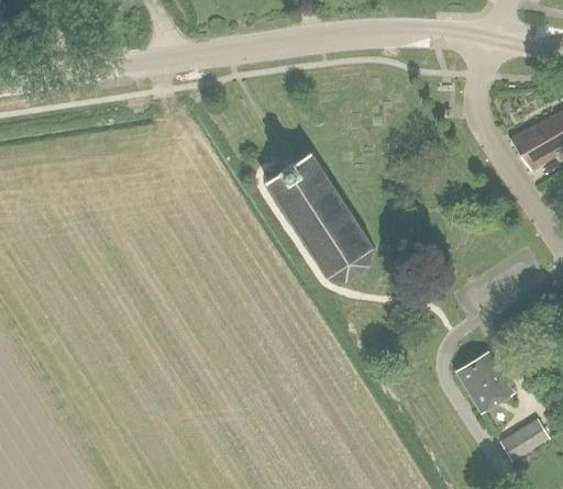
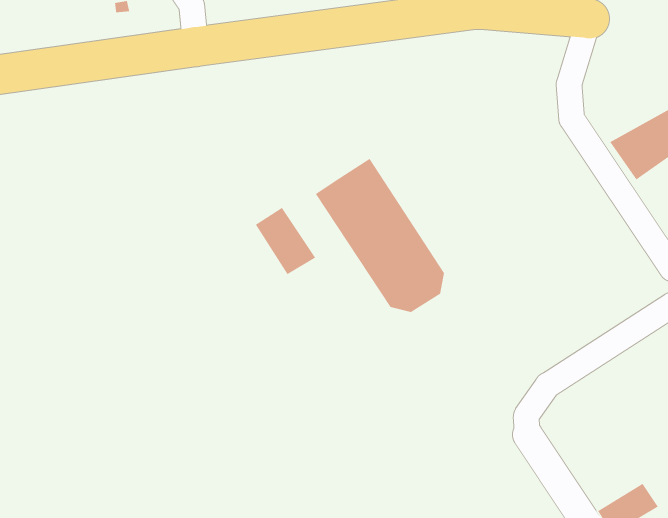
building: none -> [255,207,316,275]
building: [456,352,514,412] -> none

